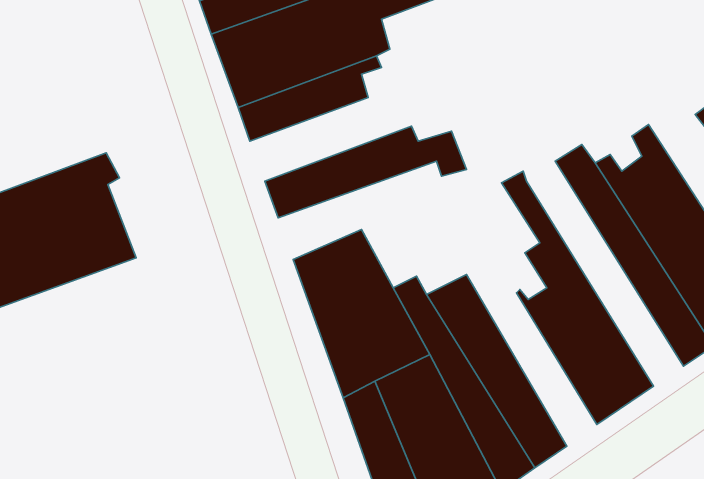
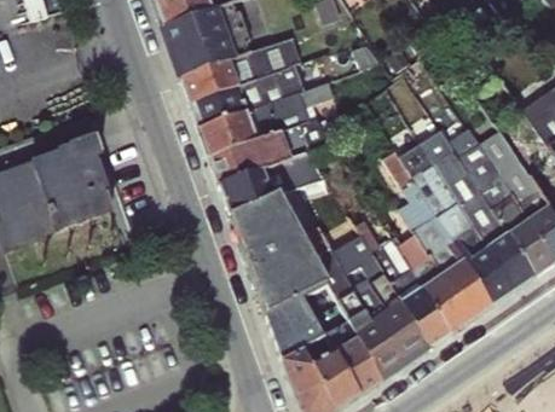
building: none -> [200,79,336,155]
building: none -> [220,140,339,211]
building: none -> [400,140,514,303]
building: none -> [357,217,451,347]

